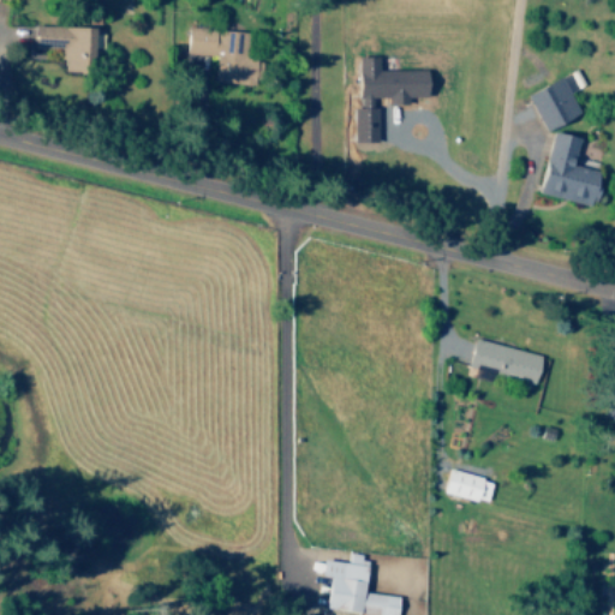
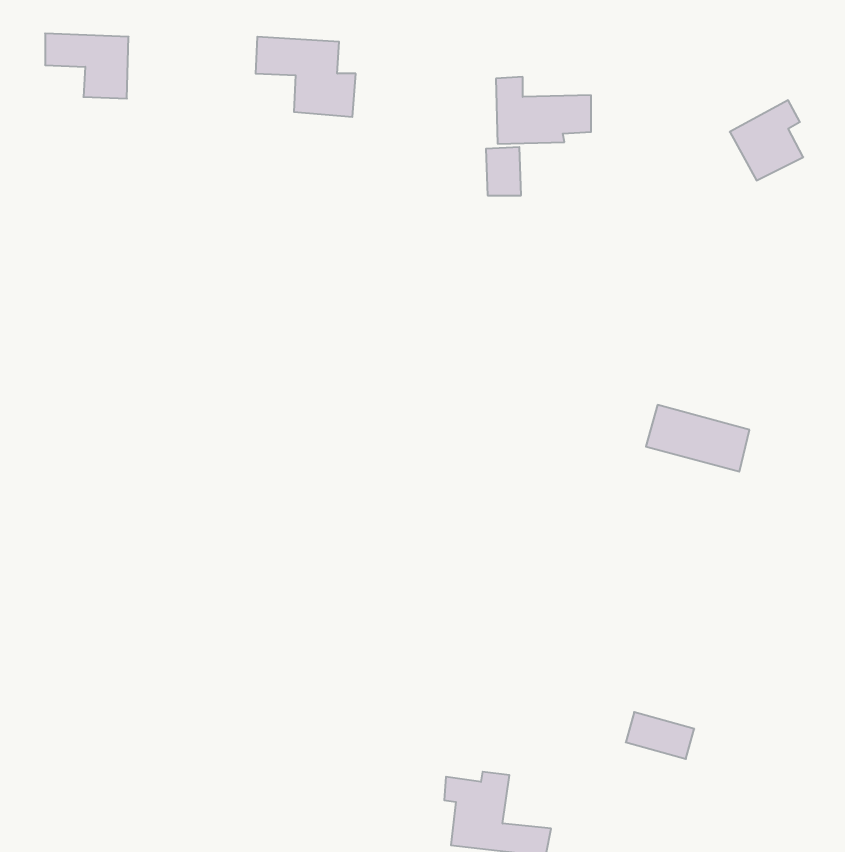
building: [543,131,605,207] -> none
building: [471,338,545,386] -> [646,405,749,472]
building: [447,470,496,503] -> [626,712,694,759]

